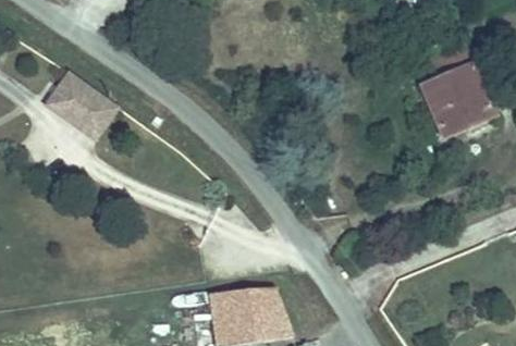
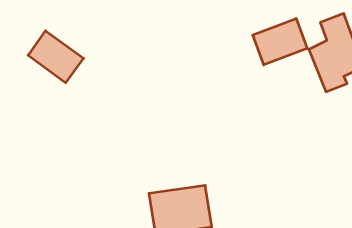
building: none -> [253,18,307,65]

